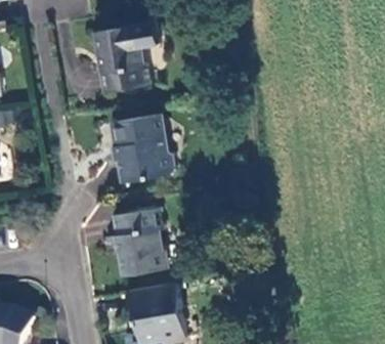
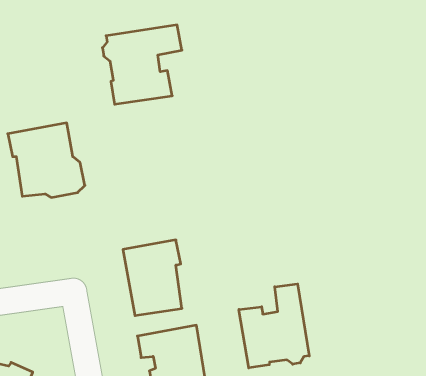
building: [111,114,176,177] -> [8,123,85,197]
building: none -> [239,284,309,368]

